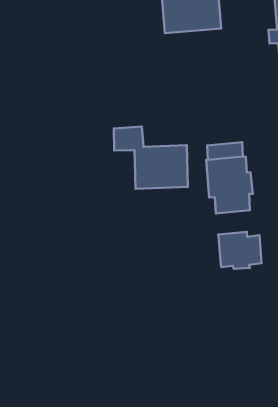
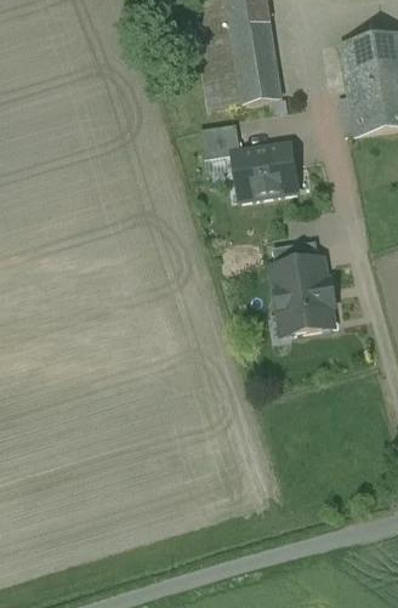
building: [114,126,188,189] -> [205,121,303,200]
building: [218,232,262,269] -> none

